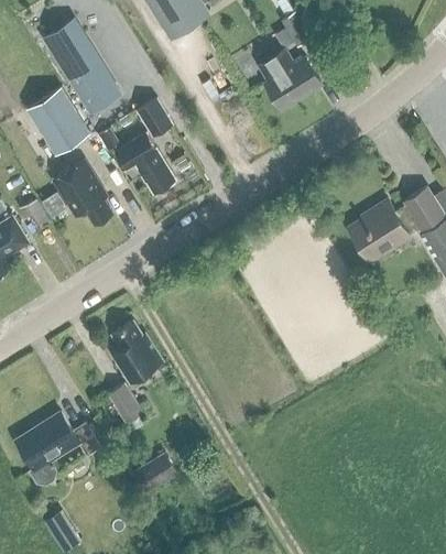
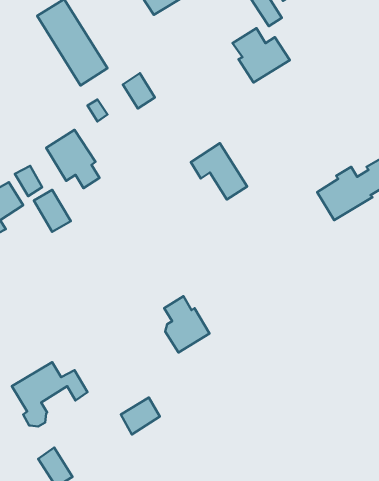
building: [26,89,88,154] -> none
building: [113,132,175,194] -> [191,143,247,200]
building: none -> [34,190,71,232]
building: [113,322,163,383] -> [164,296,210,352]
building: [107,384,141,423] -> none

